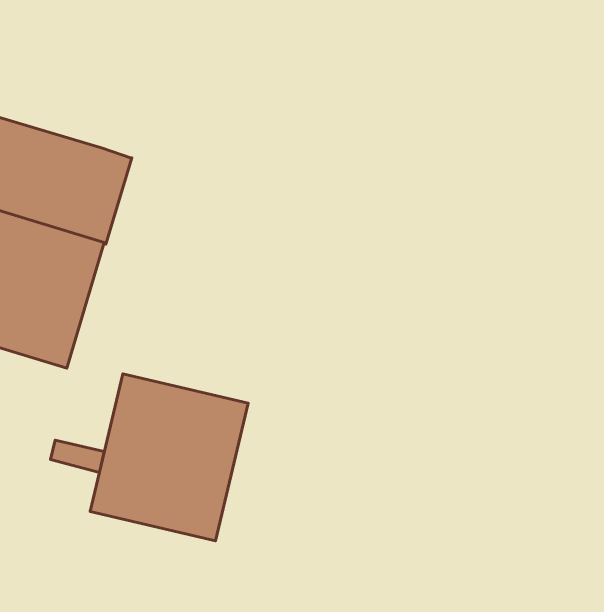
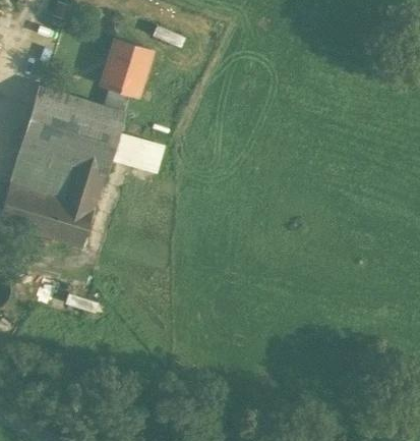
building: none -> [103,39,152,116]
building: [90,374,248,541] -> none

